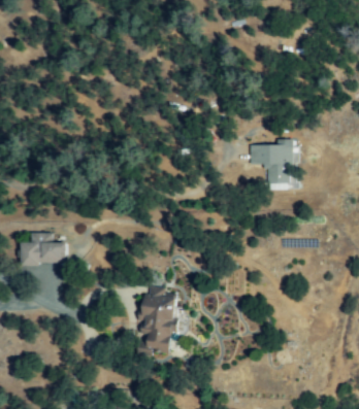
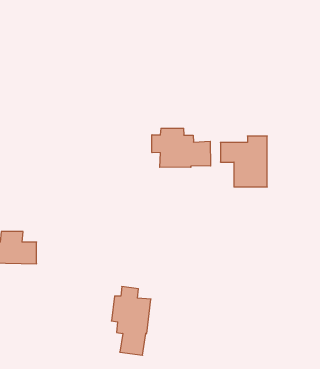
building: none -> [152,128,211,167]

